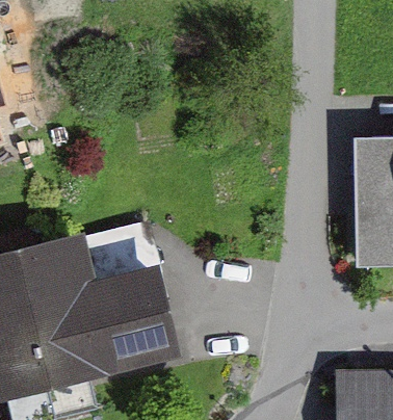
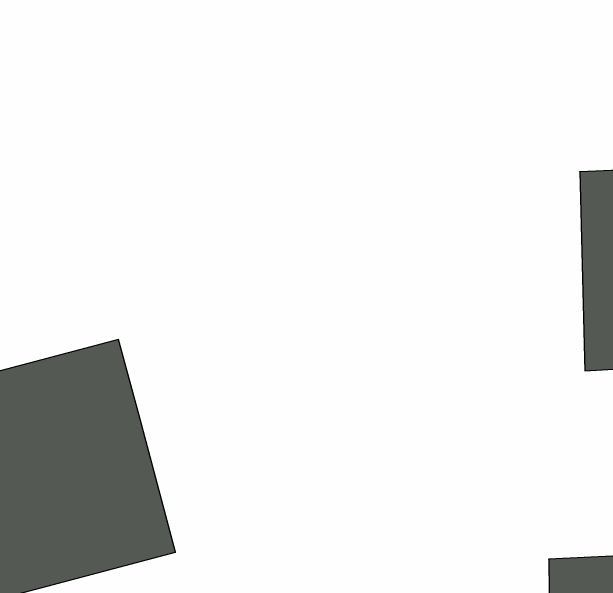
building: [90,267,179,367] -> none

